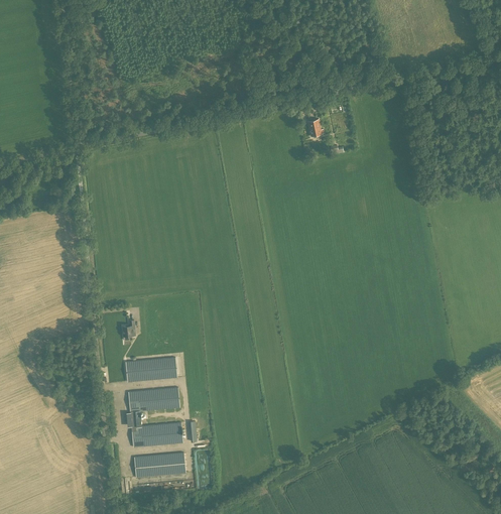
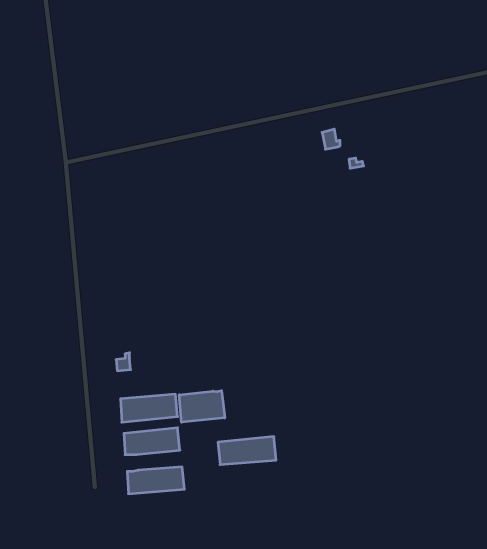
building: none -> [179,391,225,422]
building: [133,452,185,477] -> [218,437,276,465]

